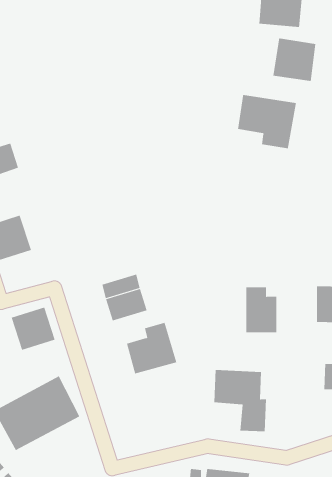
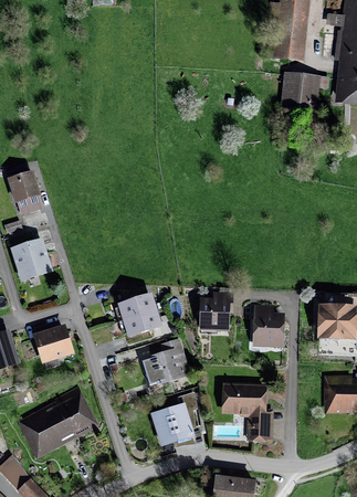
building: [238,94,296,149] -> none
building: none -> [200,297,229,330]
building: none -> [150,404,196,450]

